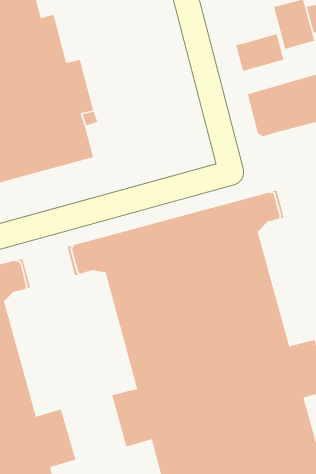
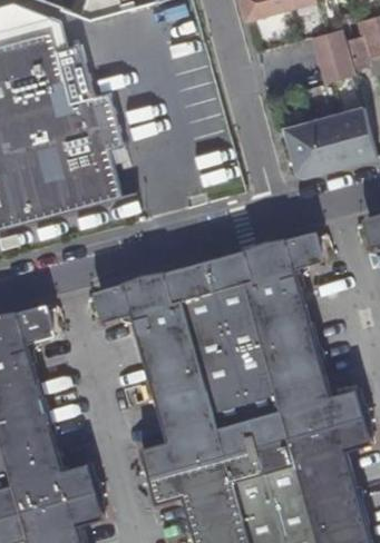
building: [235,33,285,72] -> none

